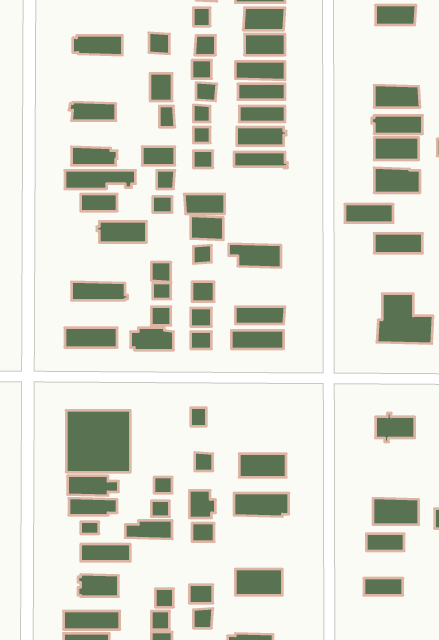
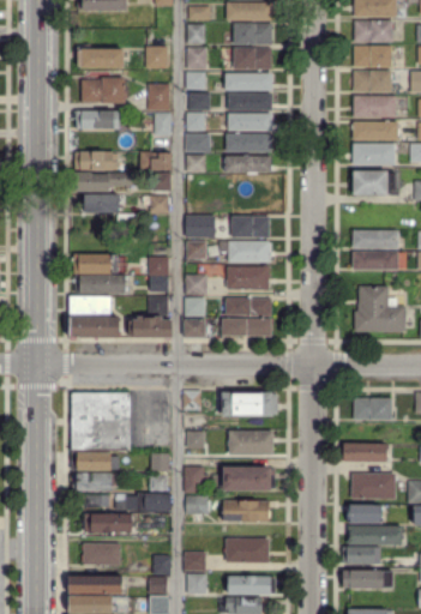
building: none -> [354,46,391,66]
building: none -> [354,71,390,90]
building: none -> [82,77,124,102]
building: [184,194,225,214] -> [231,216,269,234]
building: [345,204,393,223] -> [353,252,397,269]
building: [97,221,147,242] -> [71,253,116,272]
building: none -> [227,265,267,288]
building: none -> [70,296,110,317]
building: none -> [222,392,277,414]
building: none -> [342,444,385,460]
building: none -> [221,500,270,520]
building: none -> [348,525,401,543]
building: none -> [342,570,391,586]
building: none -> [228,576,275,592]

